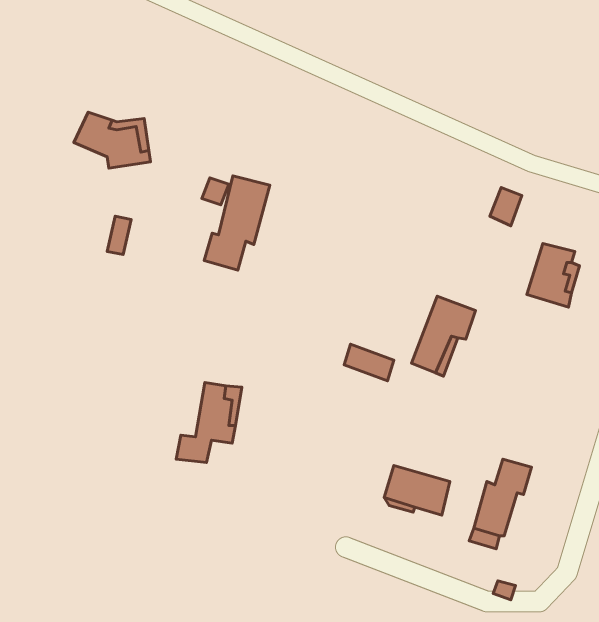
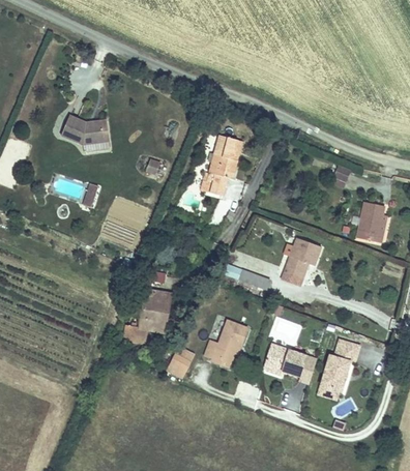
building: [204,176,270,270] -> [200,135,242,196]
building: none -> [204,318,245,364]
building: none -> [165,345,192,376]

